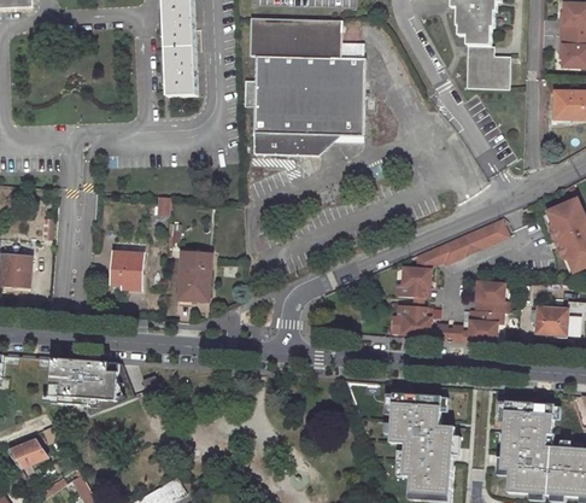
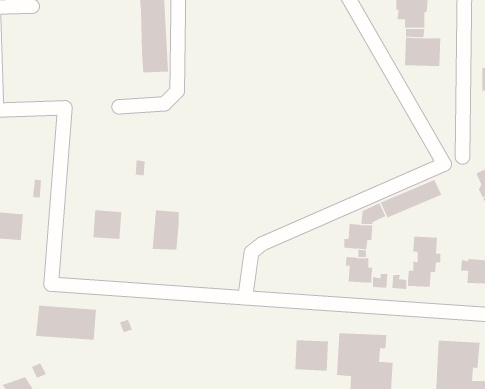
building: [251,19,365,156] -> none
building: none -> [295,339,329,371]

